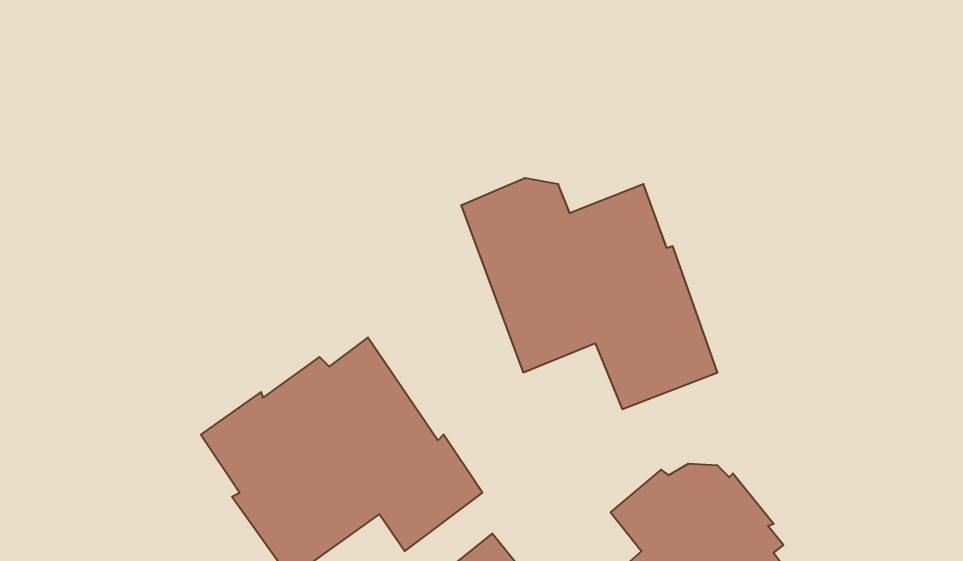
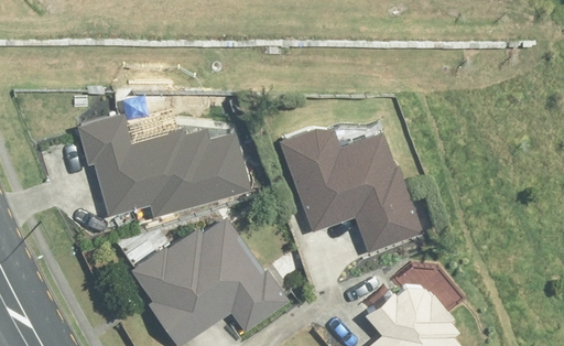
building: none -> [66,115,259,229]

